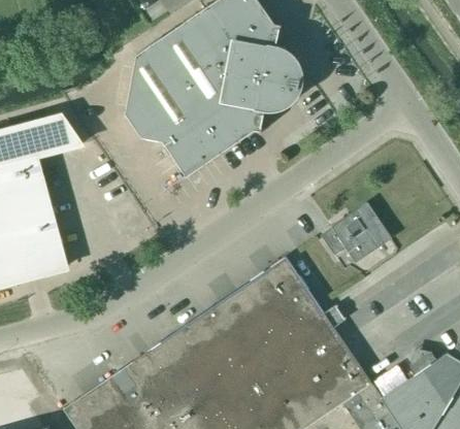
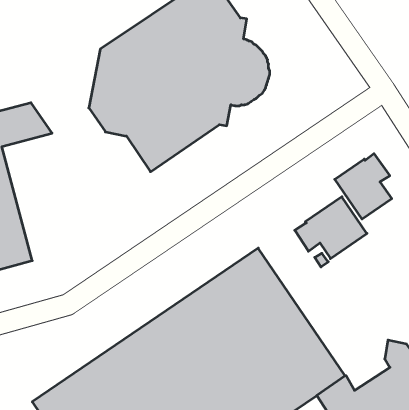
building: none -> [335,154,392,219]

